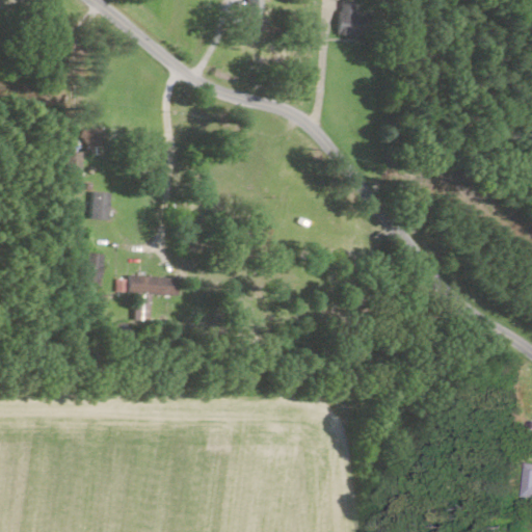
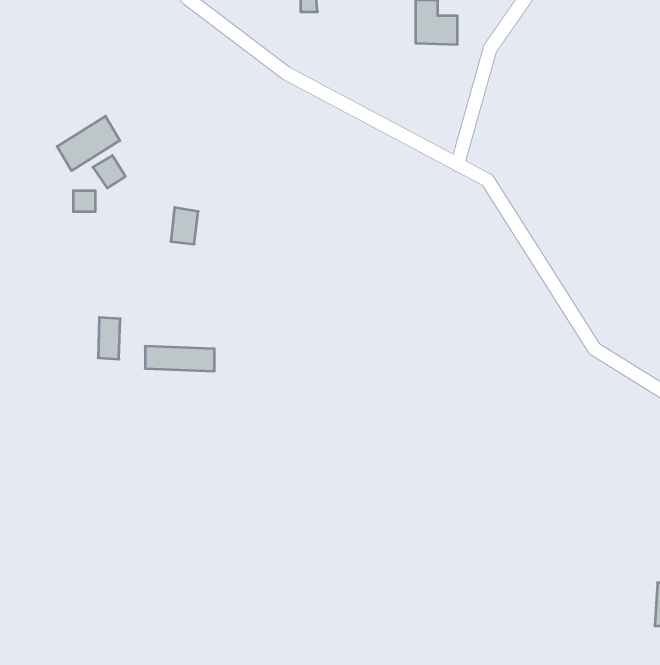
building: none -> [57,116,120,171]
building: [89,190,111,219] -> [171,207,198,244]

